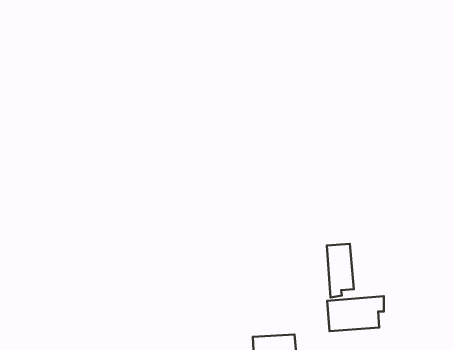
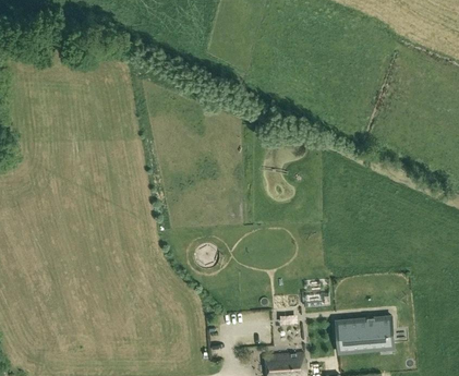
building: [327,244,354,297] -> none

